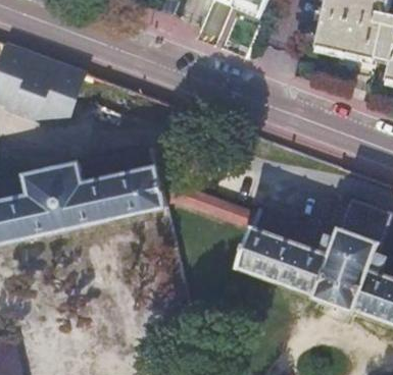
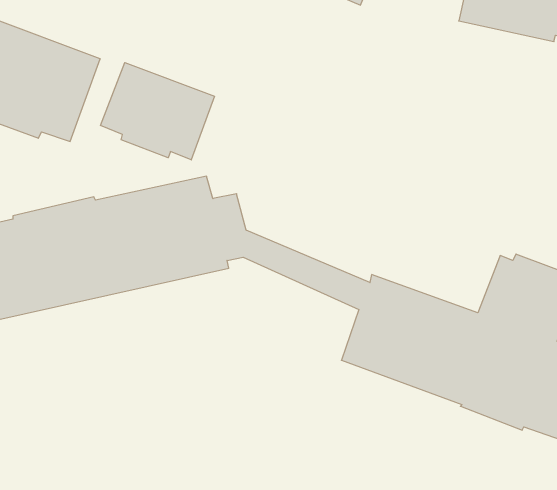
building: none -> [100,63,215,160]

